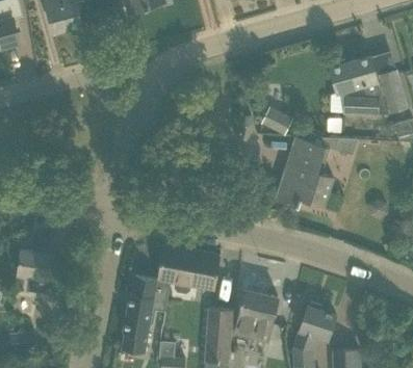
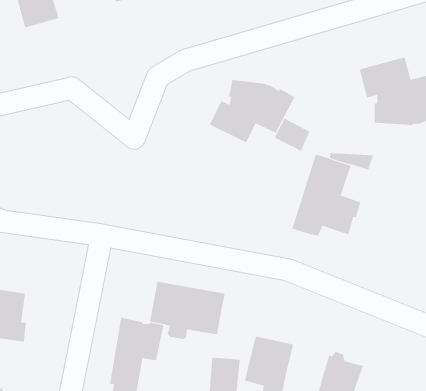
building: none -> [209,79,295,143]

